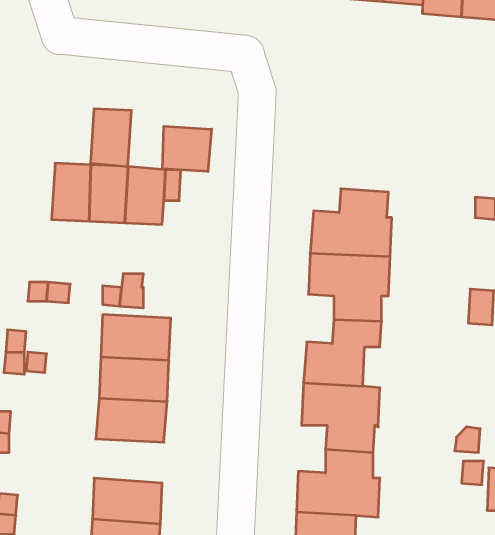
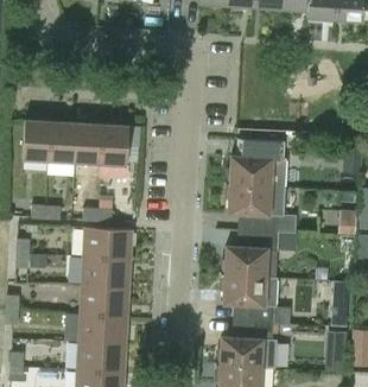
building: [91,109,131,167] -> [23,120,51,160]
building: [162,126,212,172] -> none
building: none -> [78,313,127,344]

